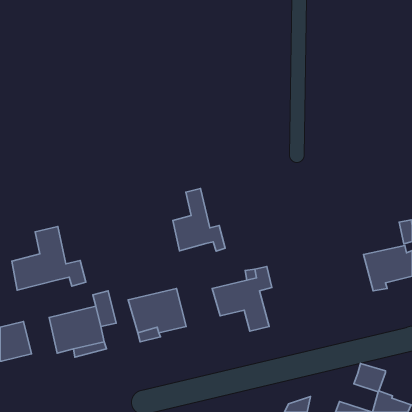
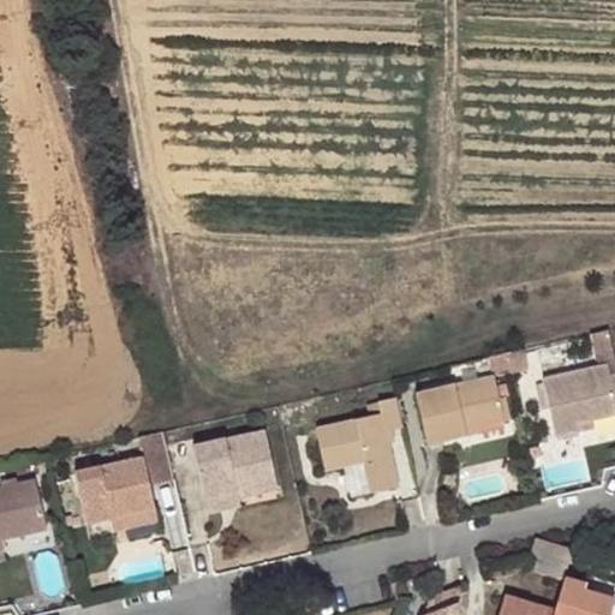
building: [173,189,225,251] -> none
building: [12,226,86,290] -> none
building: none -> [414,378,501,448]

